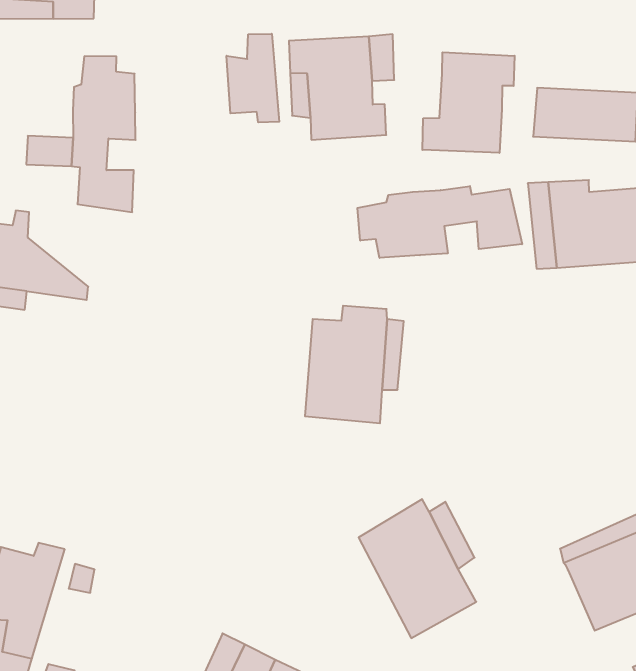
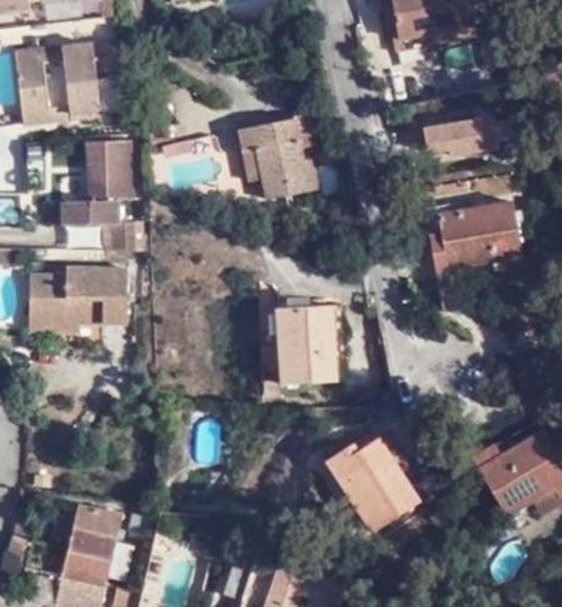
building: [227,34,279,122] -> none
building: [422,52,515,153] -> none
building: [357,186,522,258] -> none
building: none -> [68,264,116,312]

